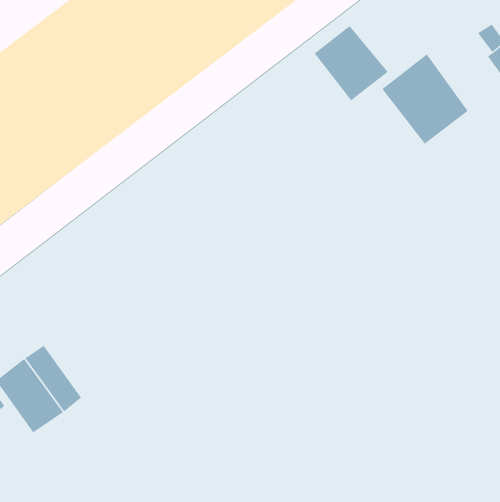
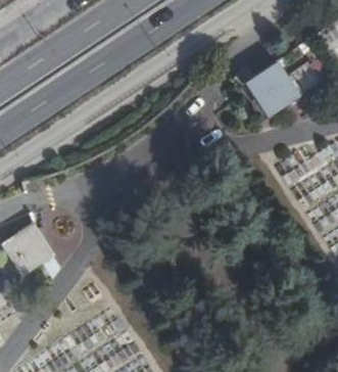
building: [314,25,388,101] -> none

